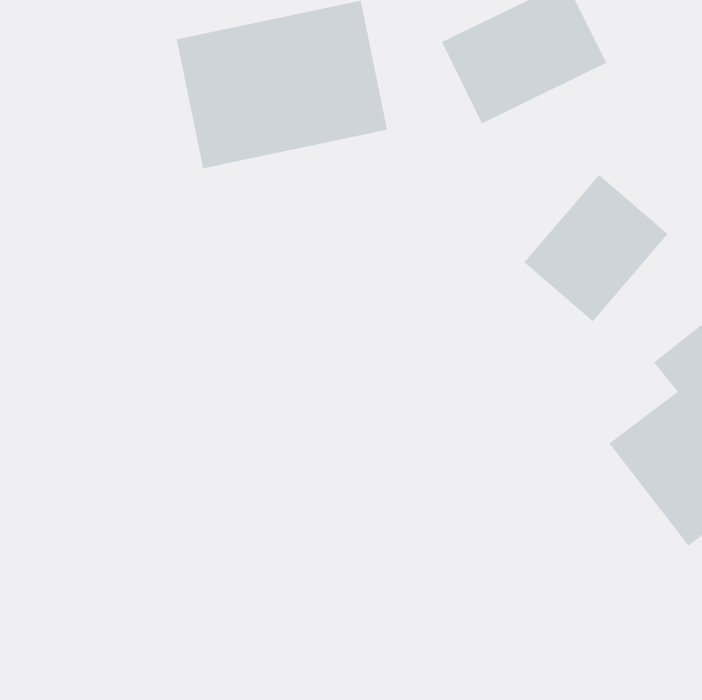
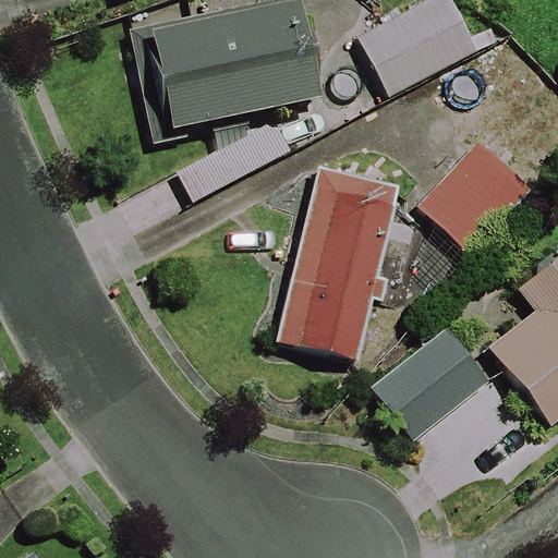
building: none -> [280,169,401,357]
building: none -> [375,326,488,434]

